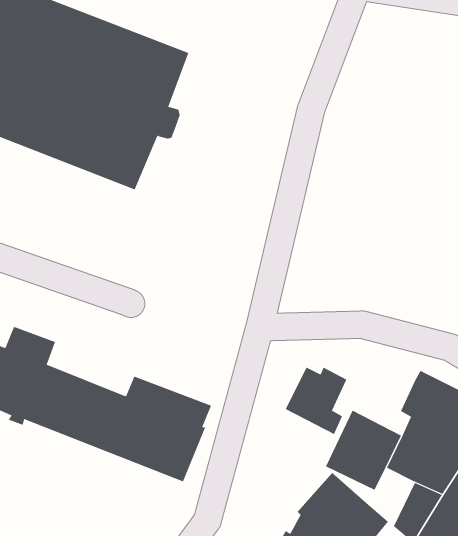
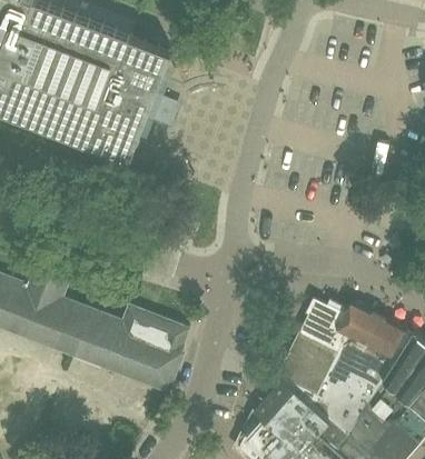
building: [285,367,347,435] -> [298,299,347,352]
building: none -> [312,378,347,423]

